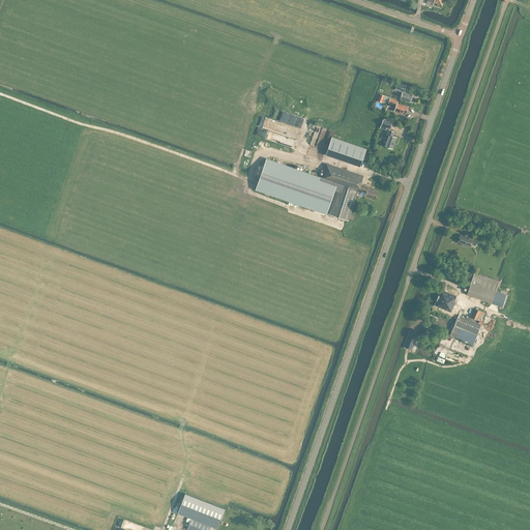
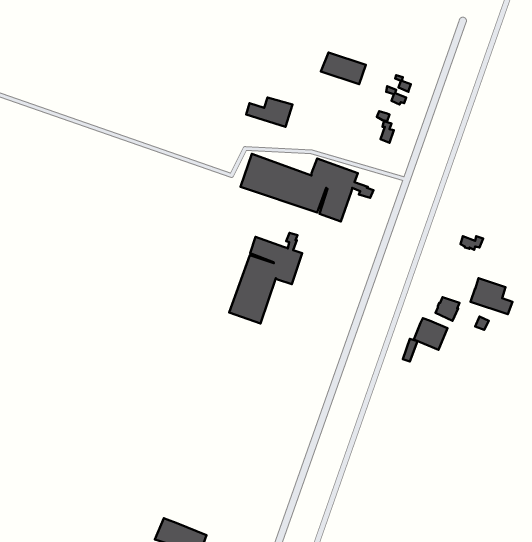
building: [324,138,365,167] -> [321,52,366,84]
building: none -> [229,233,302,324]
building: [449,316,480,345] -> [414,318,448,350]

